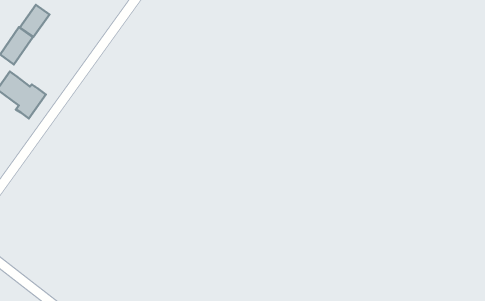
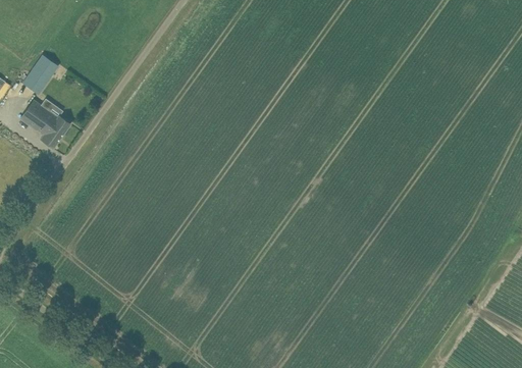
building: [20,5,49,37] -> none

